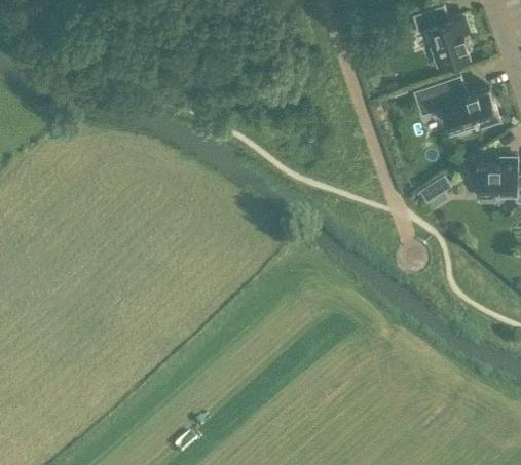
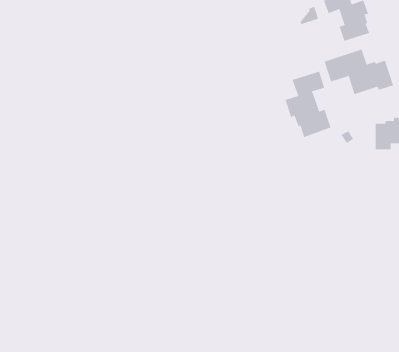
building: none -> [285,71,331,138]

